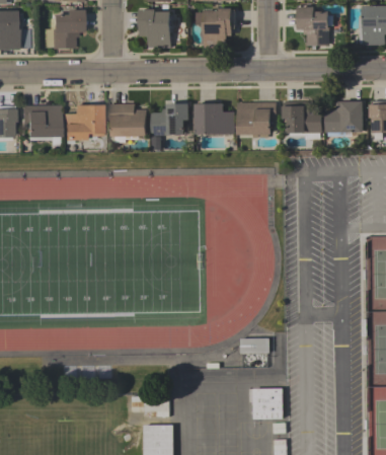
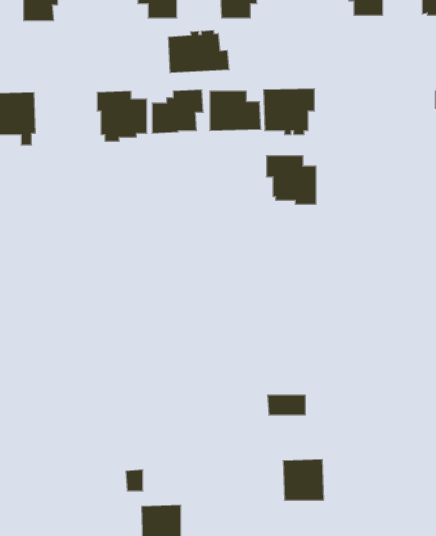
building: none -> [169,30,229,73]
building: [324,100,363,136] -> none
building: [282,101,320,139] -> [266,156,316,204]
building: [63,104,101,140] -> none

